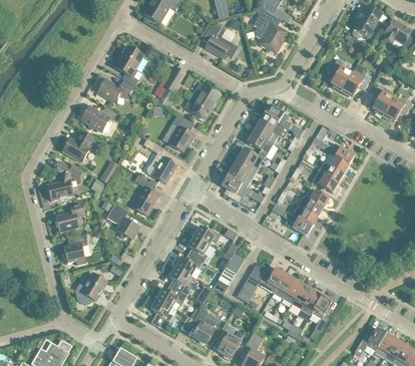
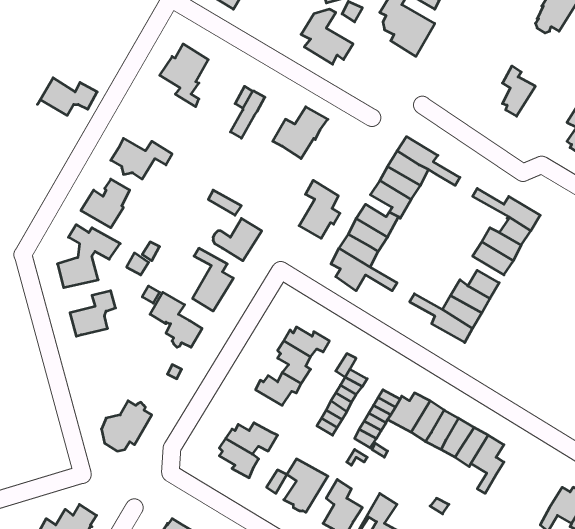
building: [340,69,370,96] -> none
building: [95,78,133,102] -> [37,78,97,115]
building: [168,114,194,151] -> [299,180,340,238]
building: [63,234,87,265] -> none
building: [169,266,191,295] -> none

